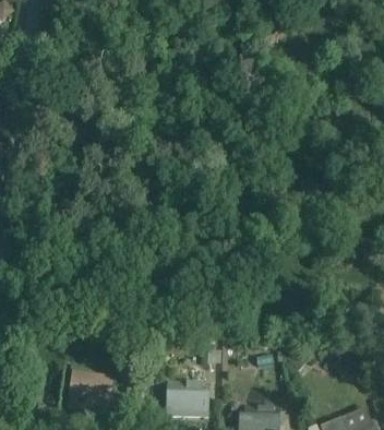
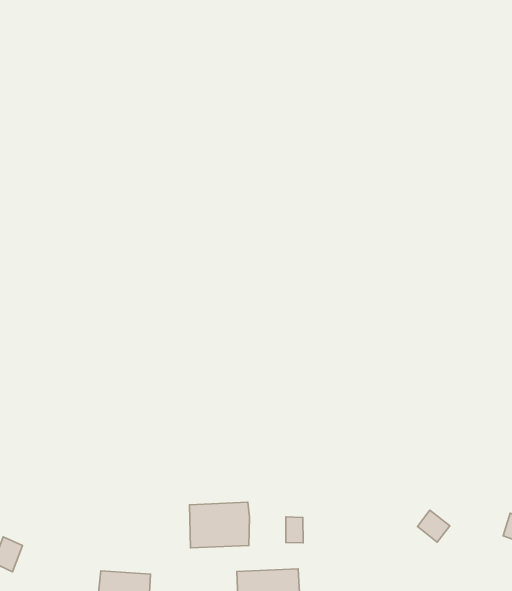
building: none -> [189,502,250,548]

